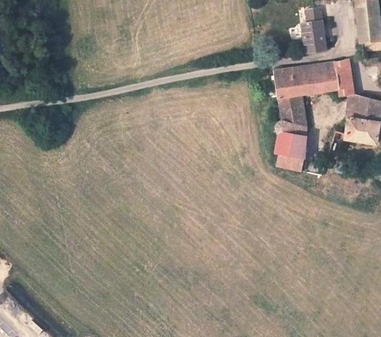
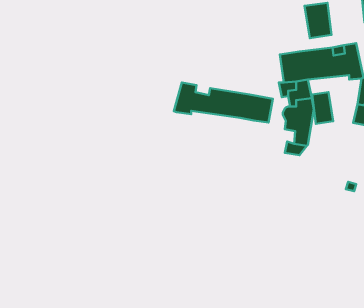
building: none -> [174,82,273,122]
building: none -> [312,92,333,124]

